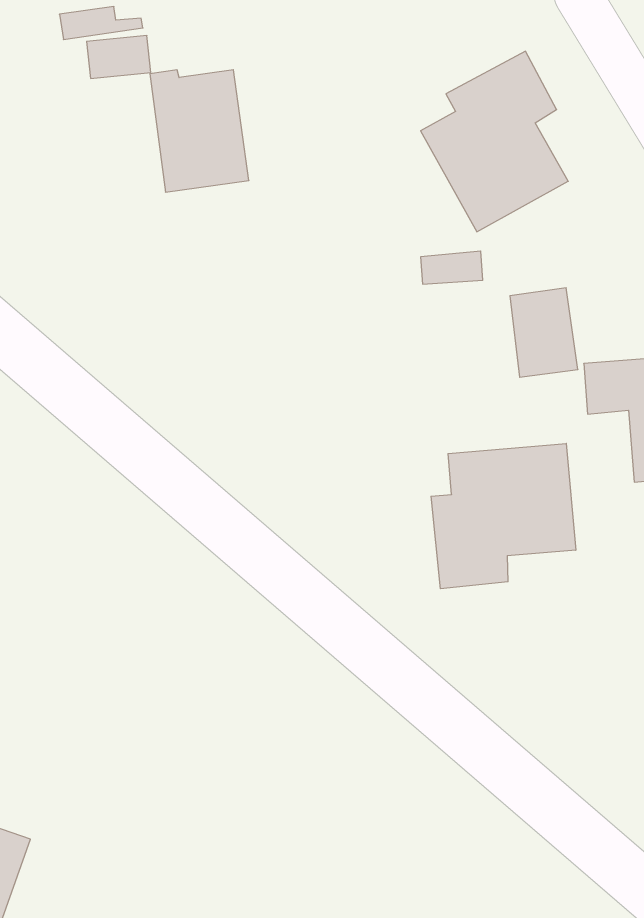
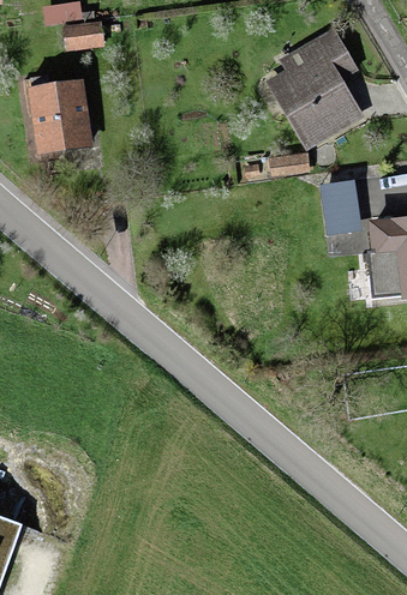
building: [150,70,249,192] -> [25,80,86,156]
building: [431,443,576,589] -> none

